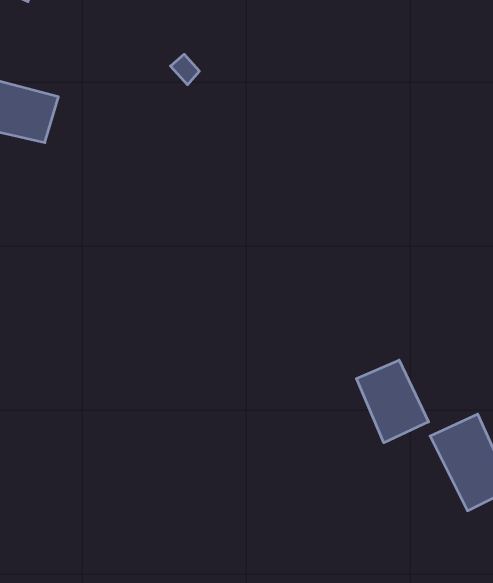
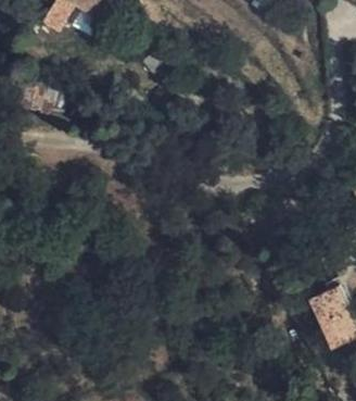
building: [356,360,429,443] -> none

